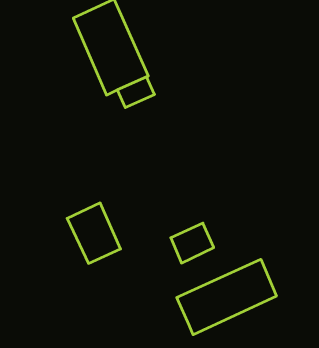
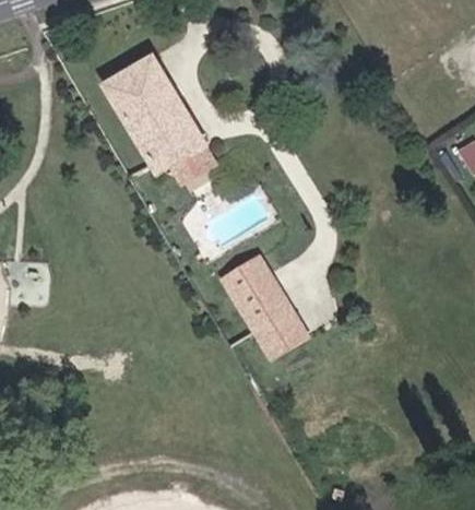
building: [67,203,121,263] -> [222,256,289,329]
building: [177,259,276,335] -> none

